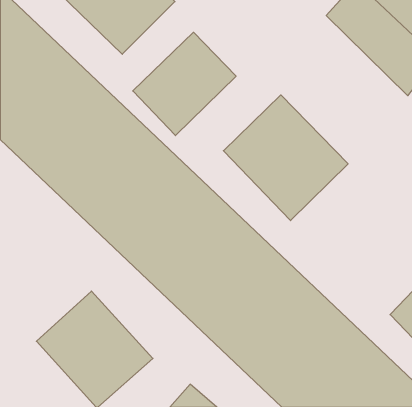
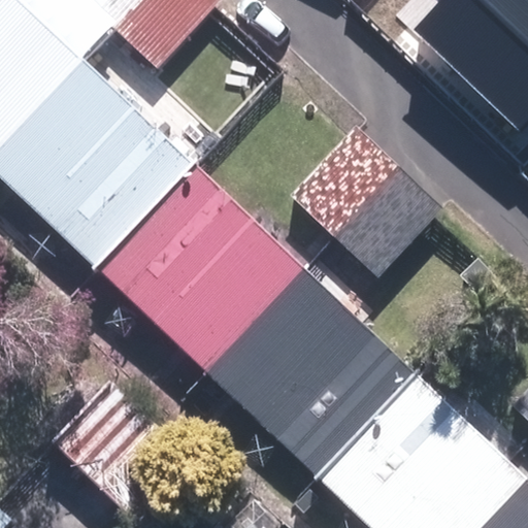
building: [133,32,236,136] -> none

